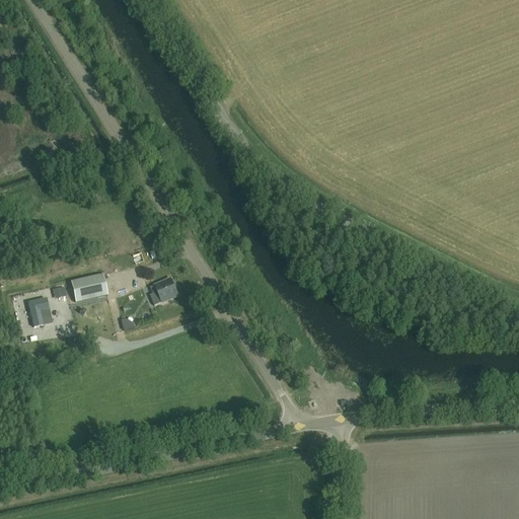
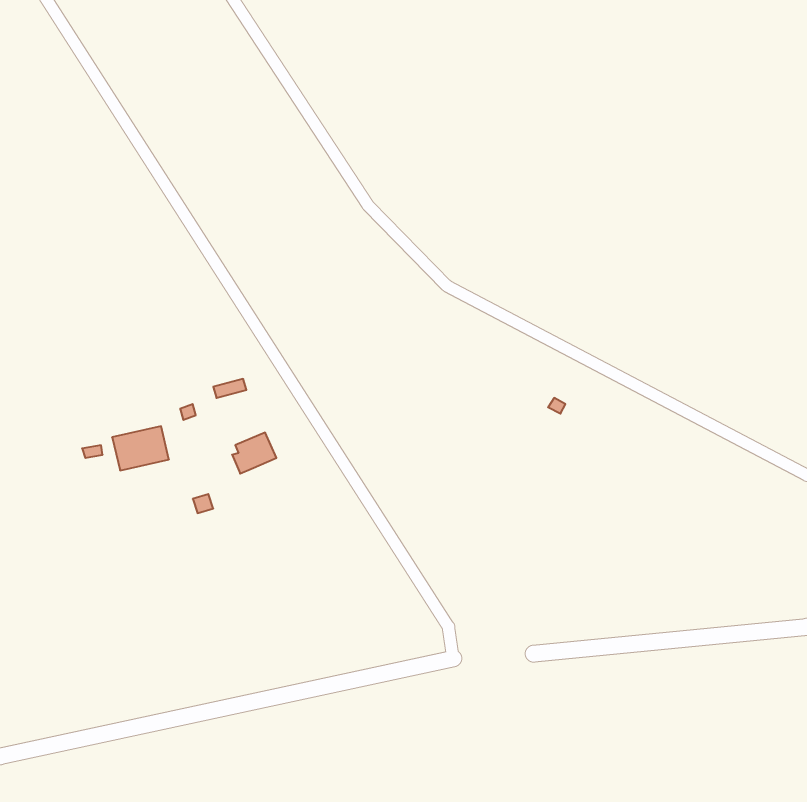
building: [28,297,50,326] -> none

